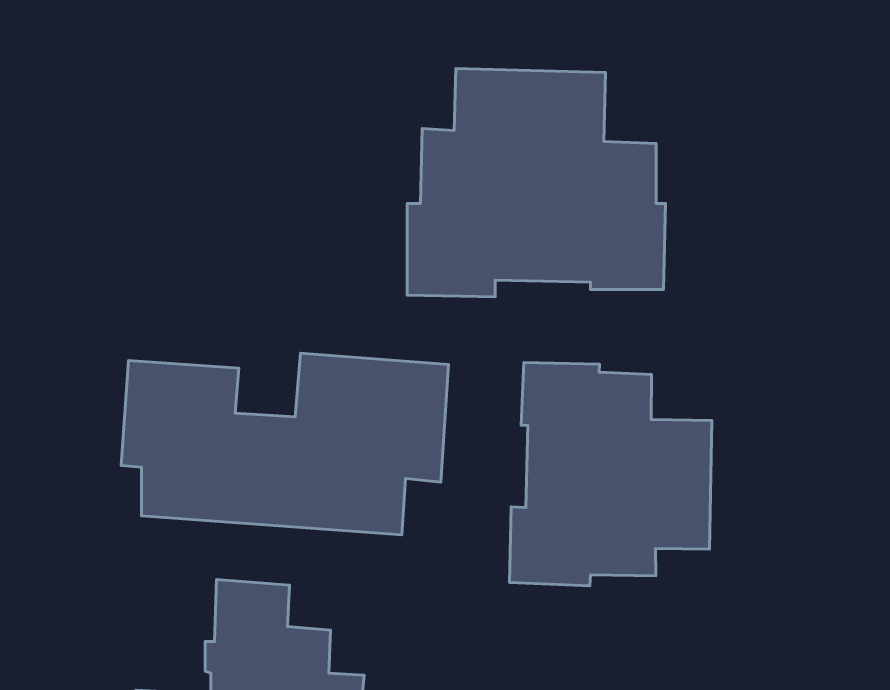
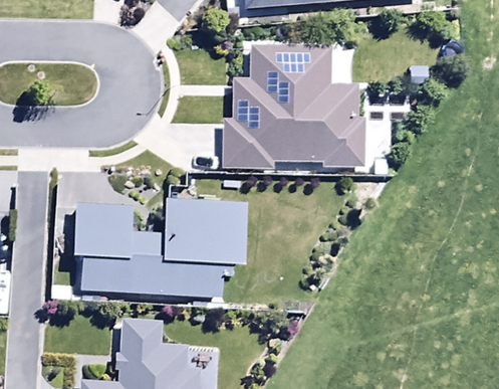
building: [510,363,712,586] -> none

